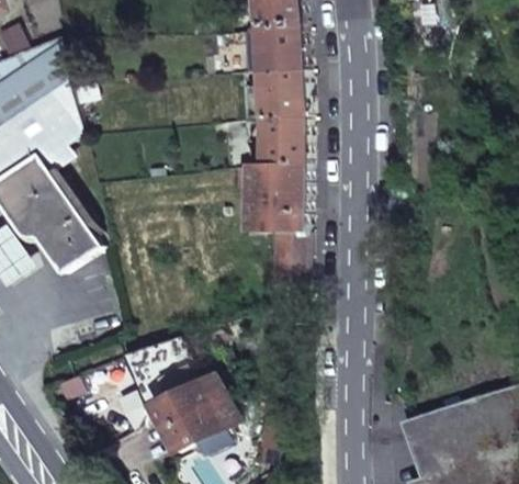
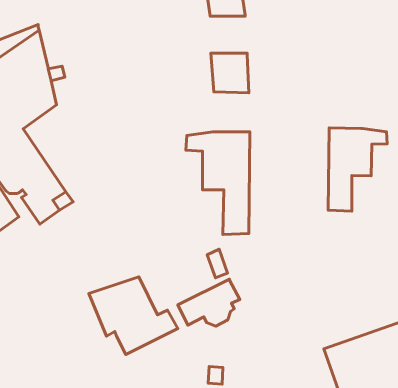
building: [259,26,304,70] -> none
building: [266,116,307,164] -> none
building: none -> [328,128,387,211]
building: [160,397,234,453] -> [178,279,240,326]

